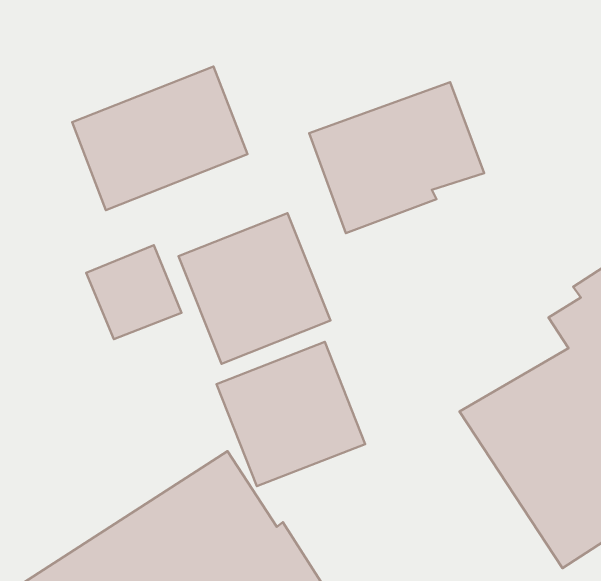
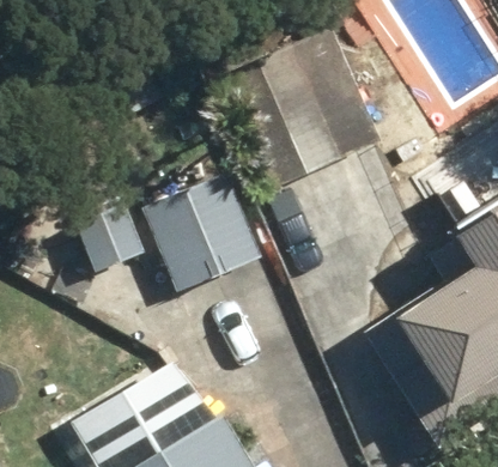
building: [72,66,247,210] -> none
building: [217,342,365,486] -> none

